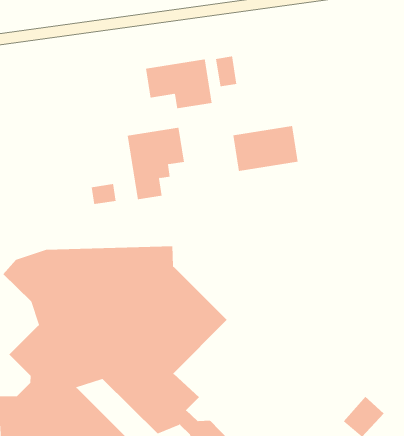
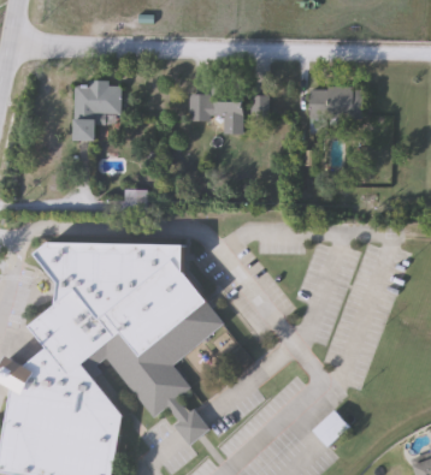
building: [232,126,299,171] -> [307,87,361,119]
building: [127,127,185,200] -> [72,83,119,141]

